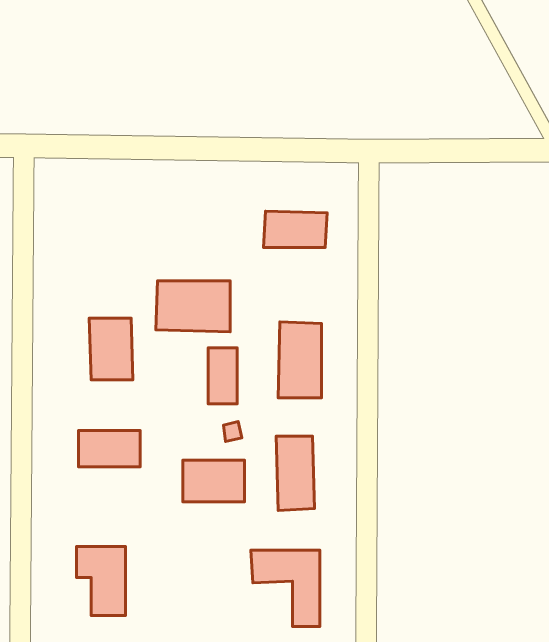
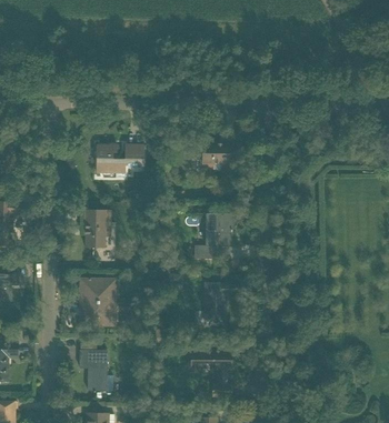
building: [156,281,230,332] -> [93,144,139,175]
building: [208,348,237,404] -> none
building: [183,460,245,502] -> [81,302,119,328]

